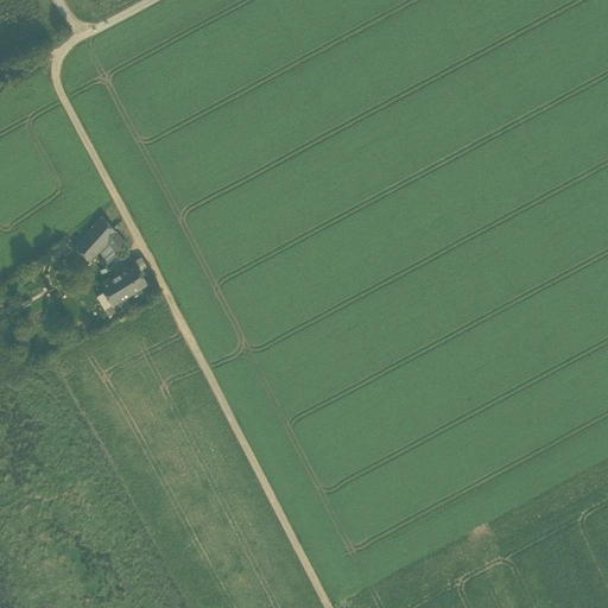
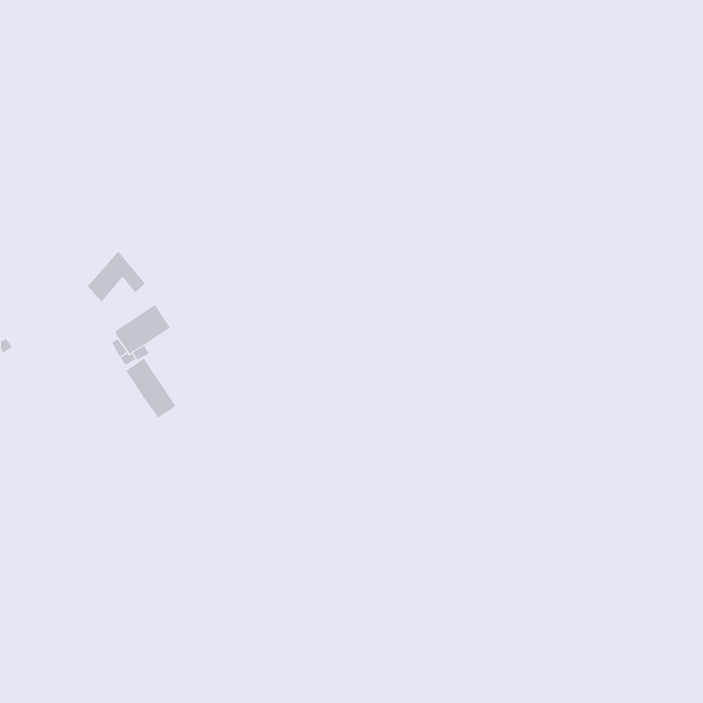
building: none -> [126,358,176,419]

